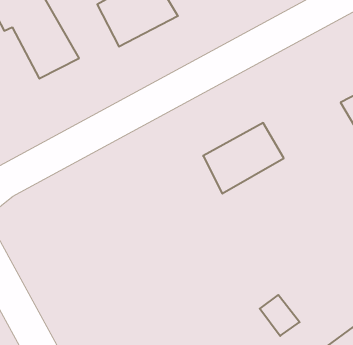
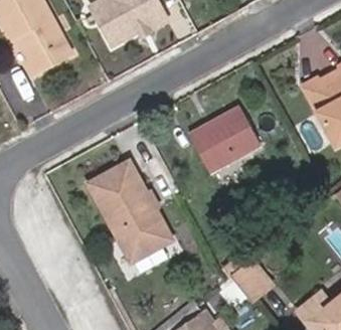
building: none -> [88,167,170,267]

